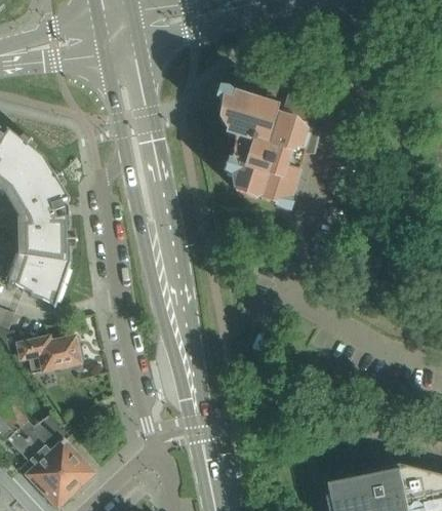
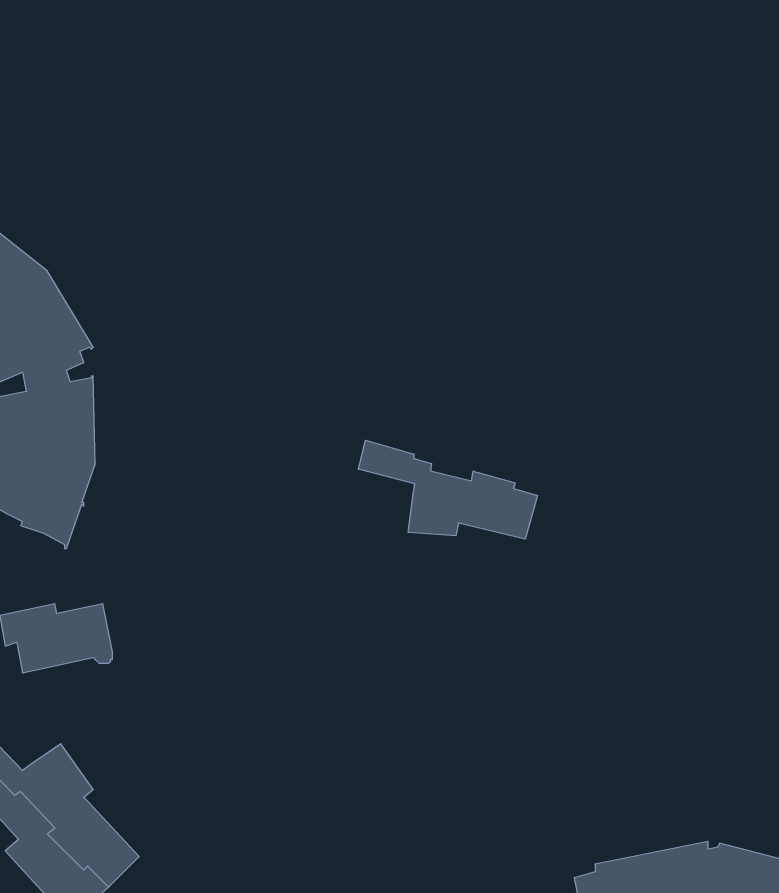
building: [220,88,319,203] -> none
building: none -> [358,440,538,539]

